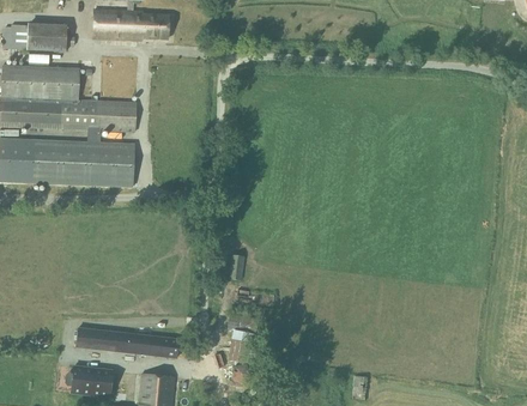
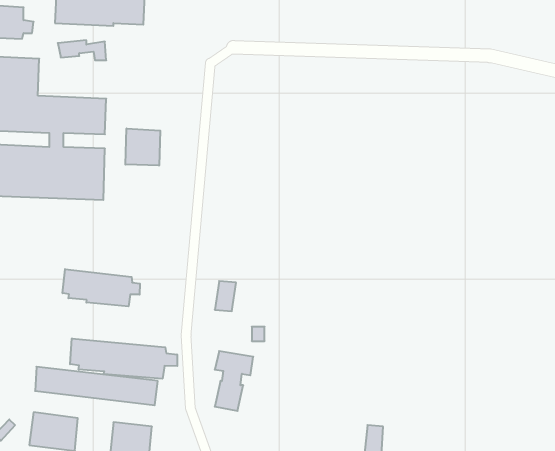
building: none -> [125,128,160,166]
building: none -> [63,269,140,306]
building: none -> [70,338,177,379]

